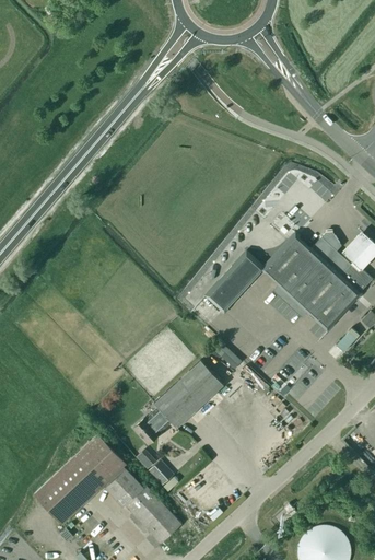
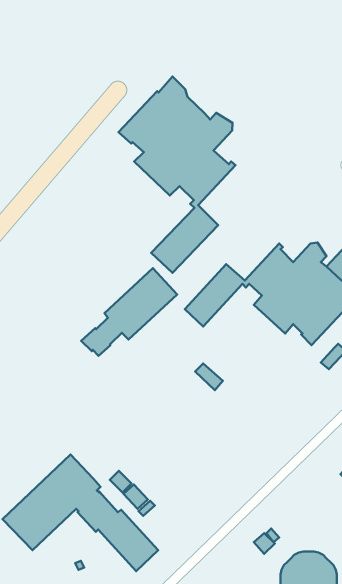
building: none -> [118,77,236,273]
building: [132,361,223,444] -> [81,268,177,356]

